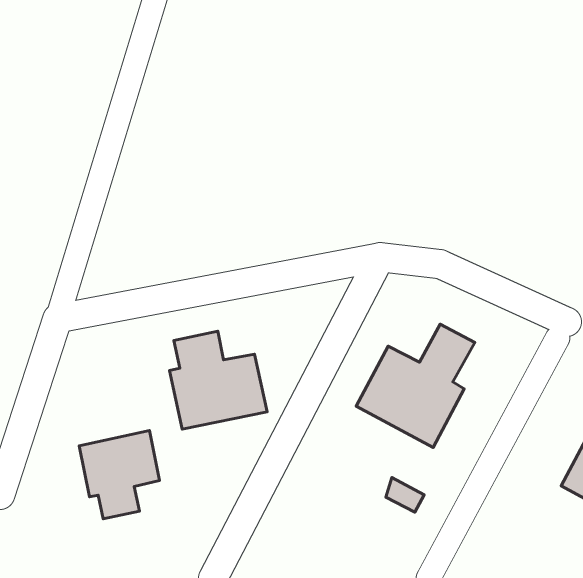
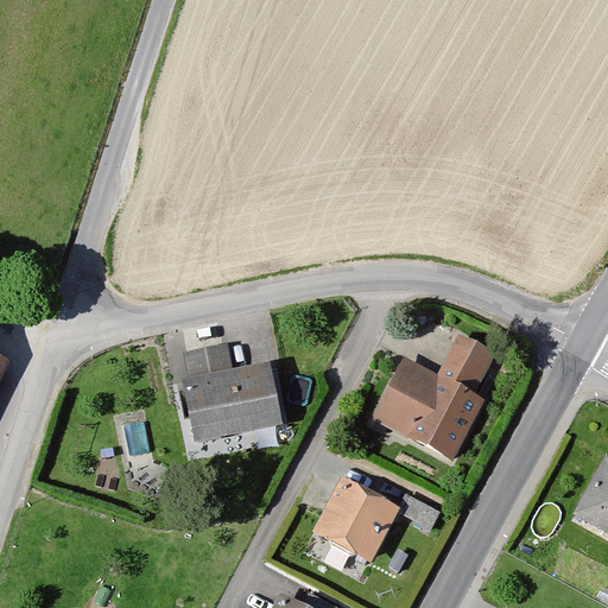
building: [79,430,160,519] -> none
building: none -> [315,477,401,563]

